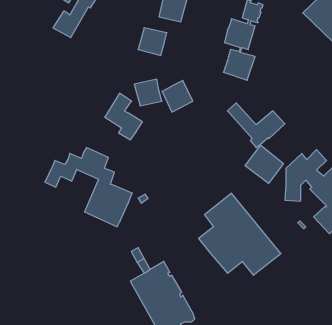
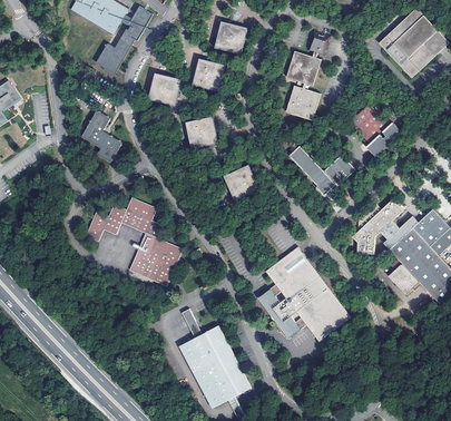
building: none -> [144,76,175,108]
building: none -> [350,104,401,153]
building: [162,80,193,112] -> [223,165,257,200]
building: [105,93,142,140] -> [80,108,122,160]
building: [245,145,283,184] -> none

